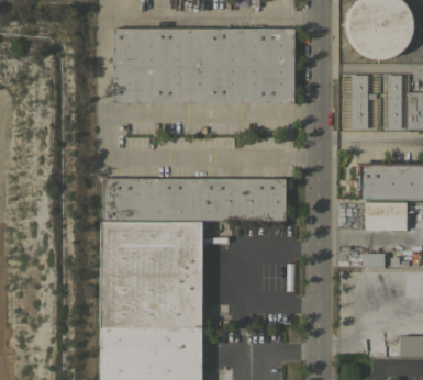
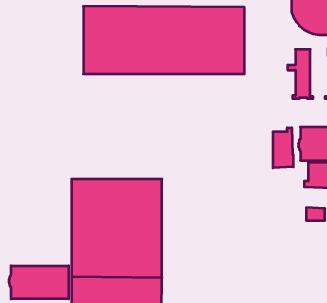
building: none -> [273,128,293,168]
building: [103,177,286,220] -> none
building: none -> [9,266,69,299]

